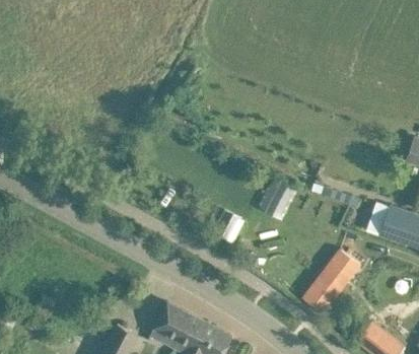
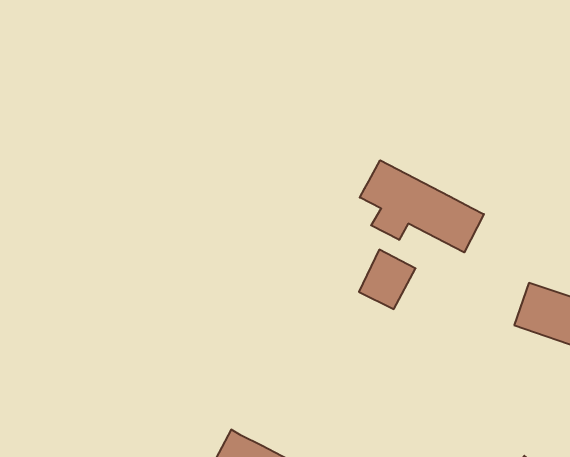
building: none -> [360,160,484,252]
building: [303,250,361,313] -> none

